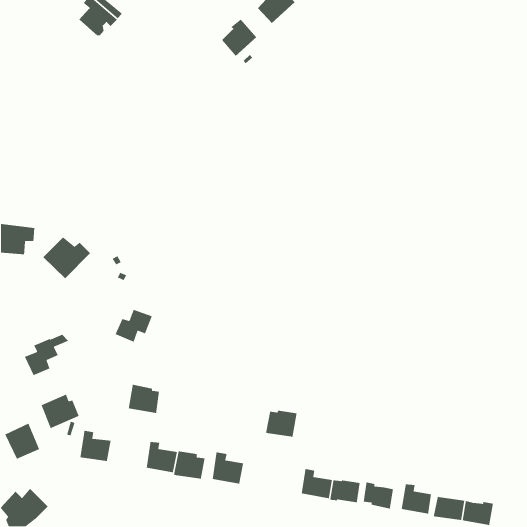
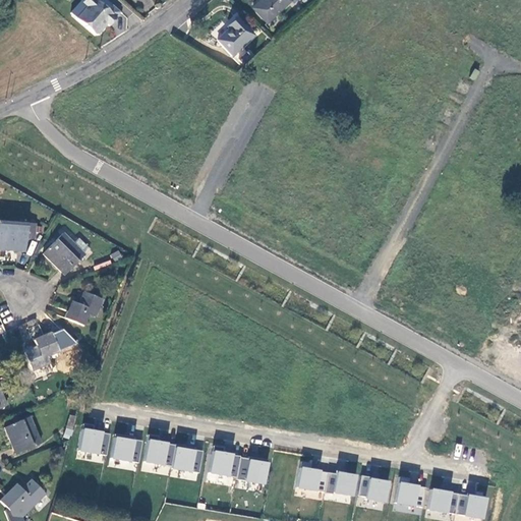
building: [115,309,153,343] -> [65,292,103,326]
building: [128,384,160,414] -> [111,433,142,463]
building: [40,393,80,429] -> none
building: [265,410,297,438] -> [237,456,269,483]

